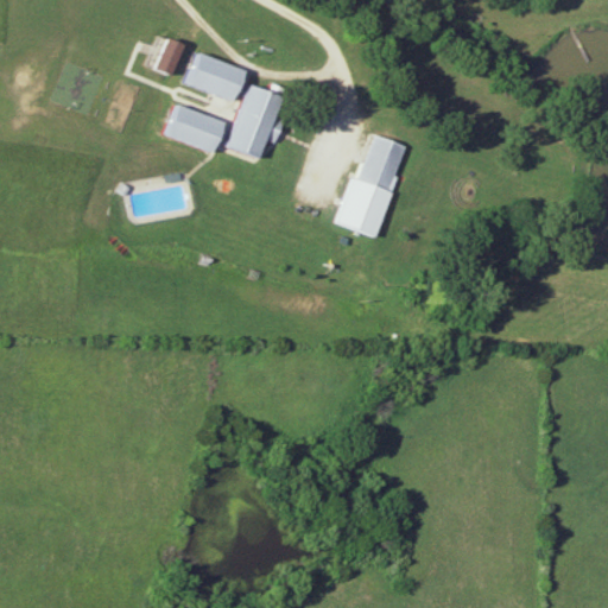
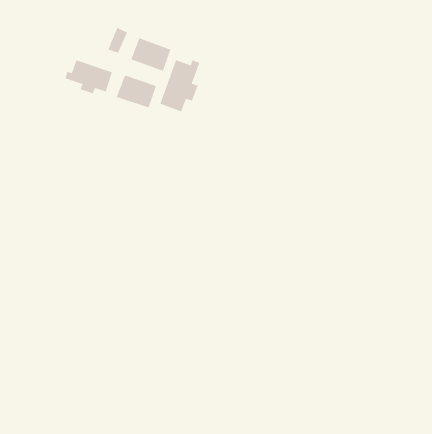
building: none -> [65,59,113,94]
building: [340,133,406,238] -> none

